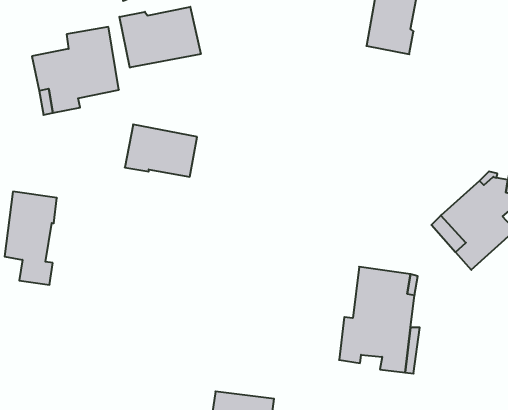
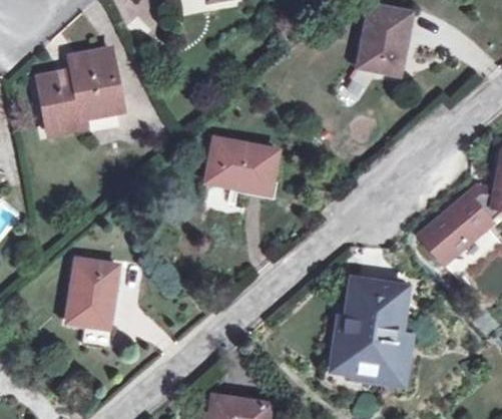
building: [119,7,201,68] -> none
building: [125,124,197,177] -> [207,138,277,188]
building: [5,192,57,285] -> [67,259,117,348]

